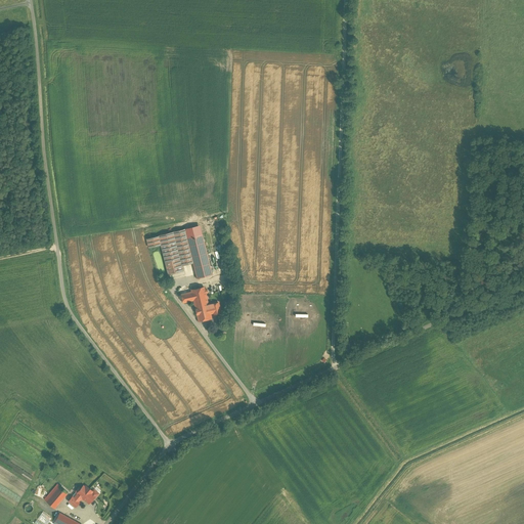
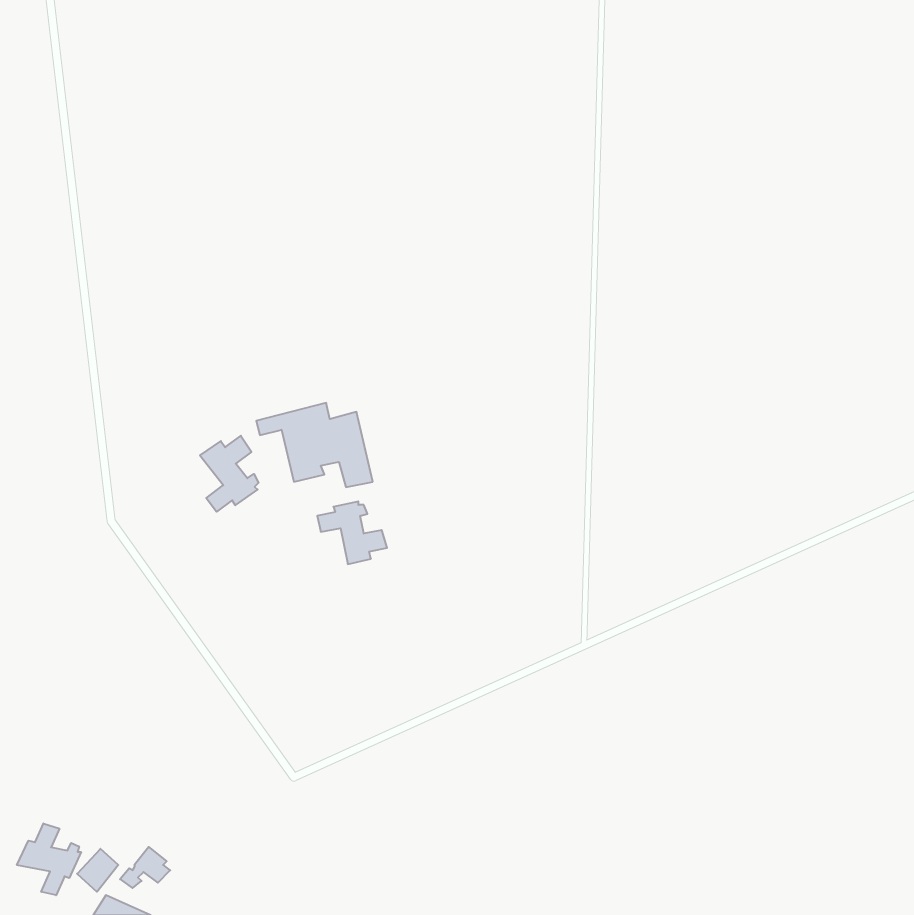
building: none -> [200,436,259,512]
building: none -> [17,823,81,895]

